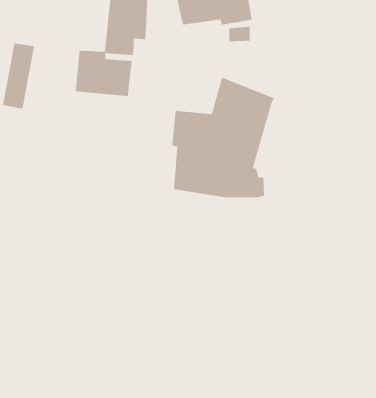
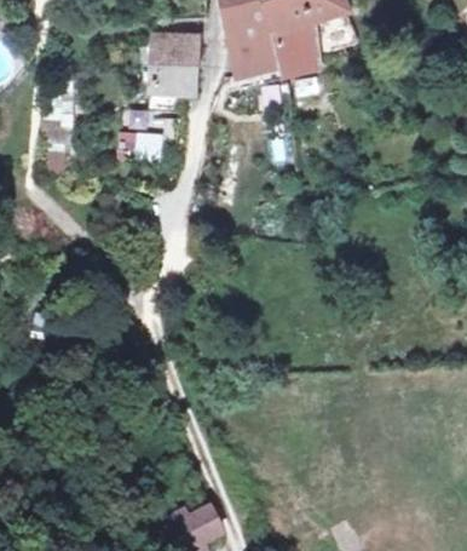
building: [172,77,275,198] -> none

